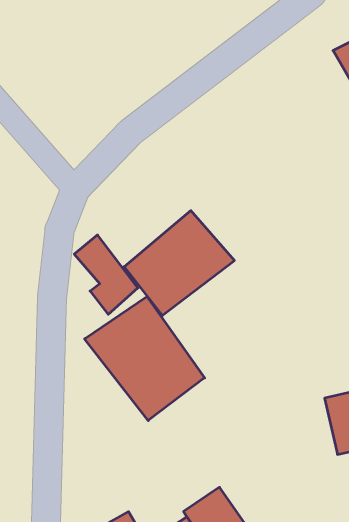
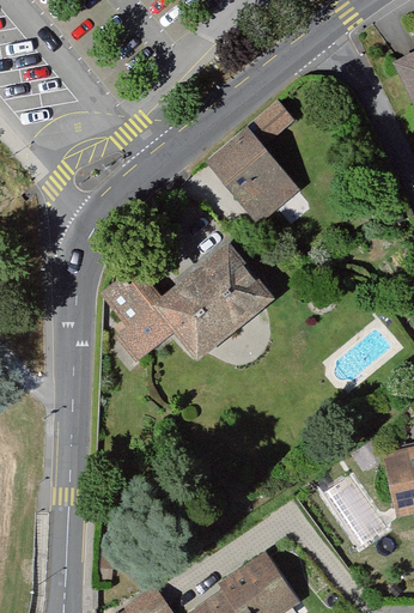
building: none -> [205,101,298,223]
building: [85,296,205,421] -> none

